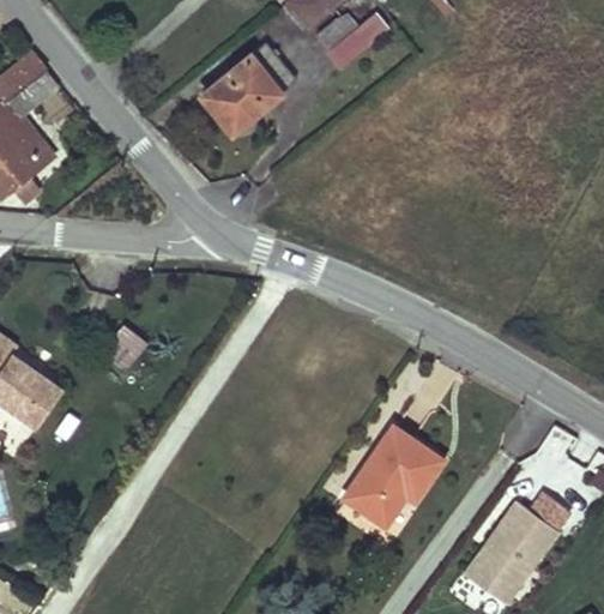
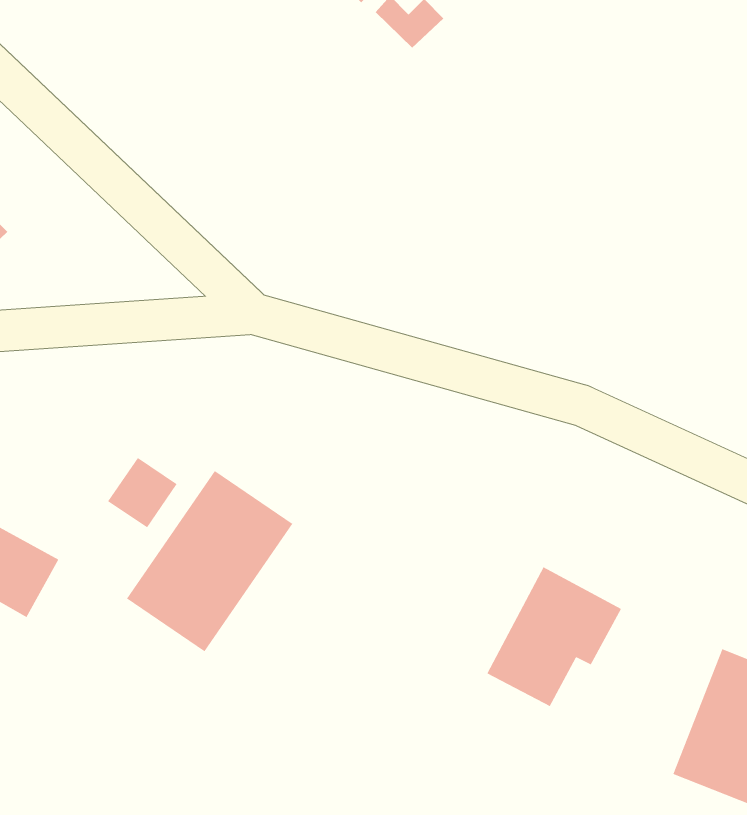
building: [201,49,289,133] -> none
building: none -> [126,470,293,652]

